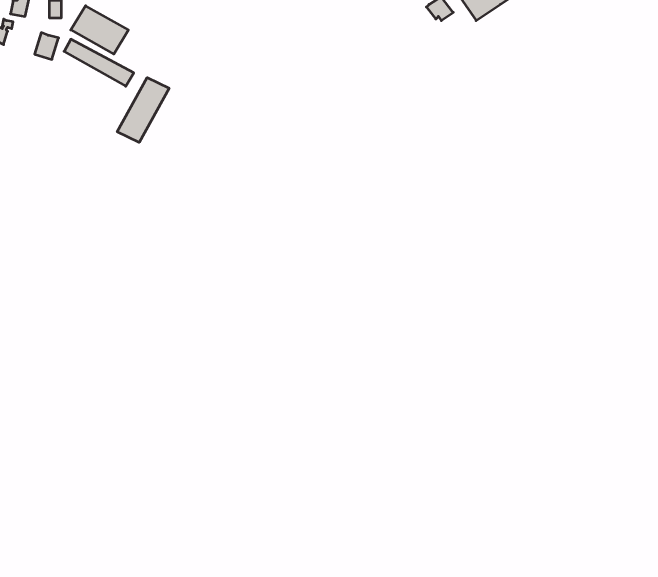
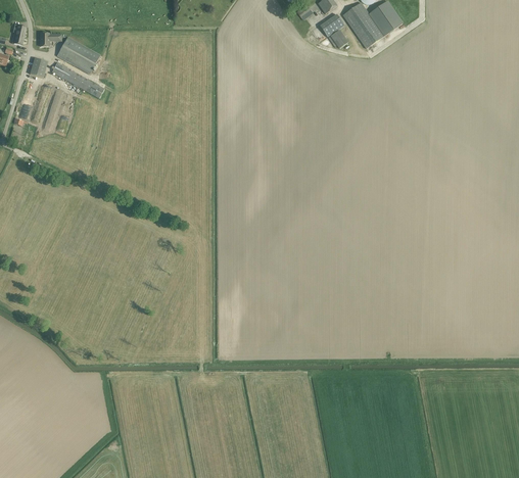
building: [117,78,169,142] -> none

